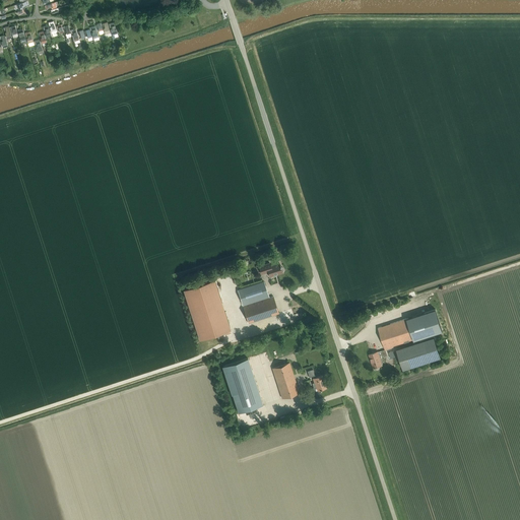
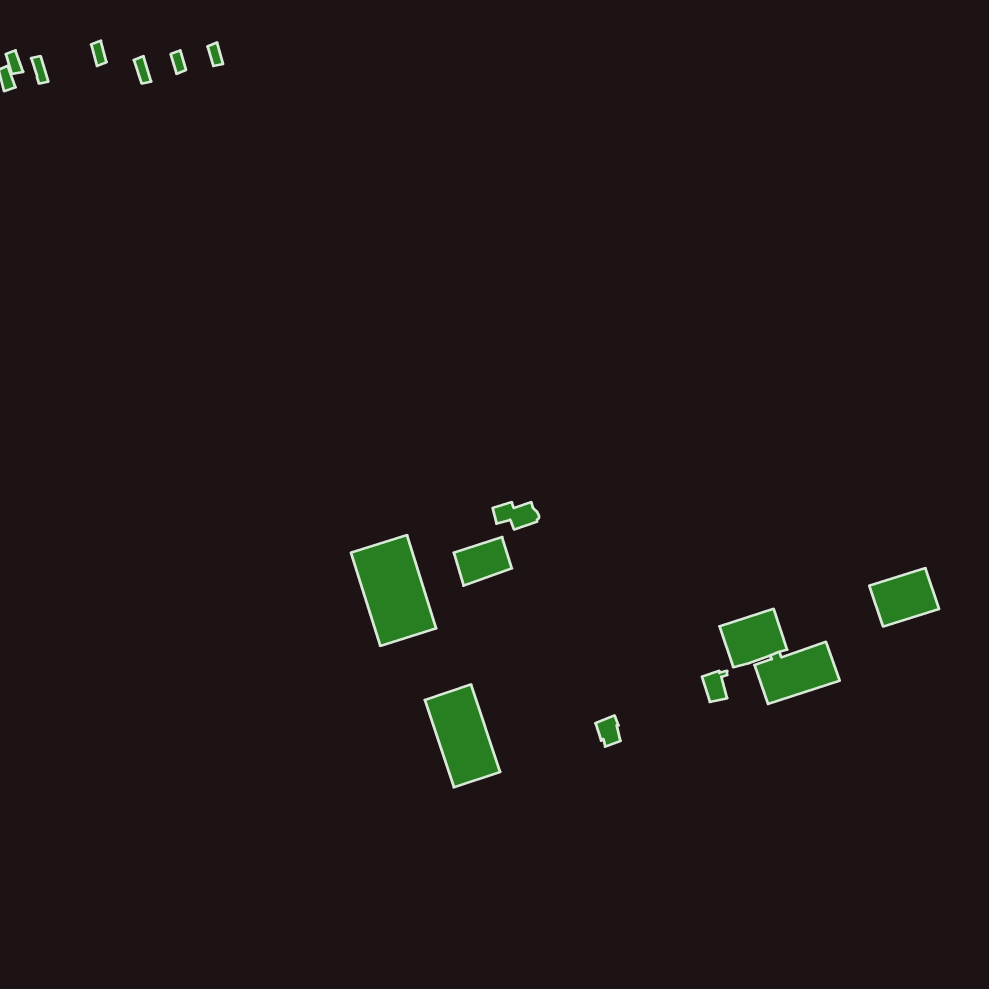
building: [243,298,277,324] -> none
building: [405,311,442,341] -> [869,568,939,626]
building: [271,364,299,399] -> none

